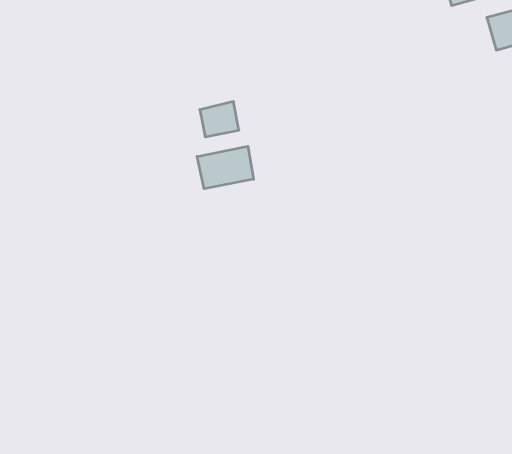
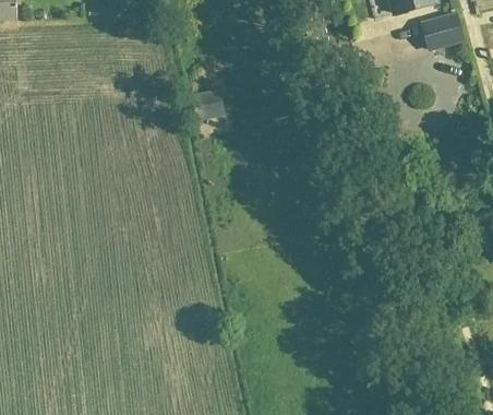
building: [197,146,254,189] -> none

